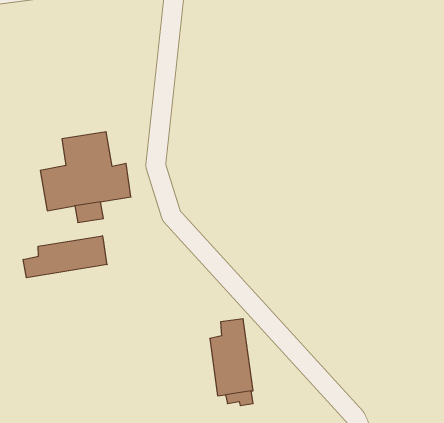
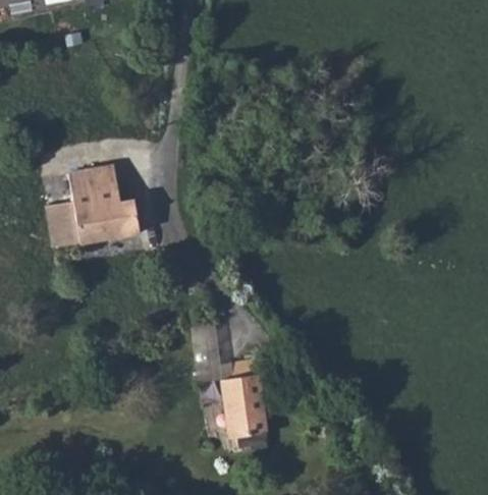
building: [23,236,107,278] -> none

